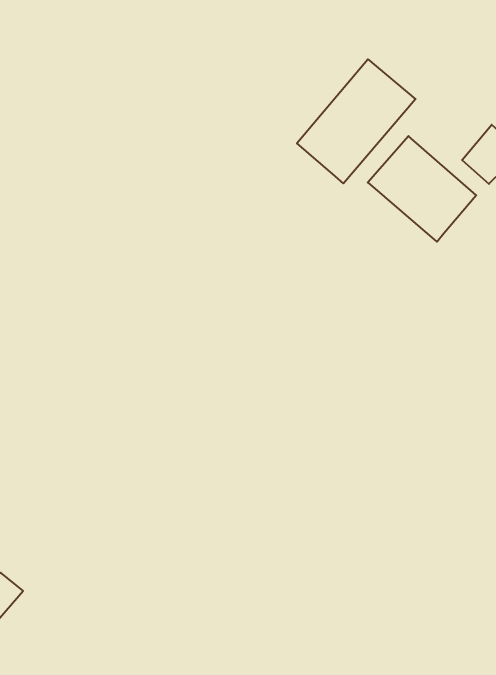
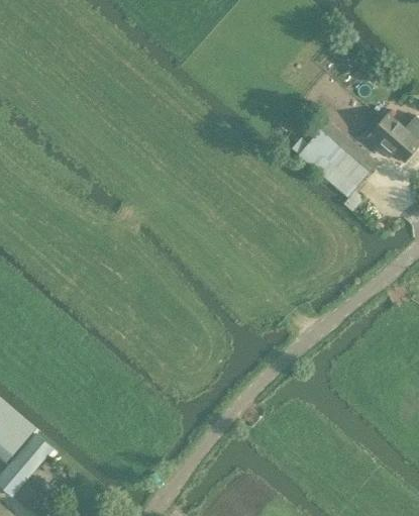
building: [297,59,416,183] -> none

